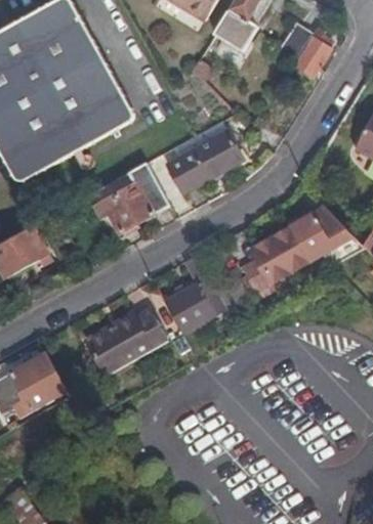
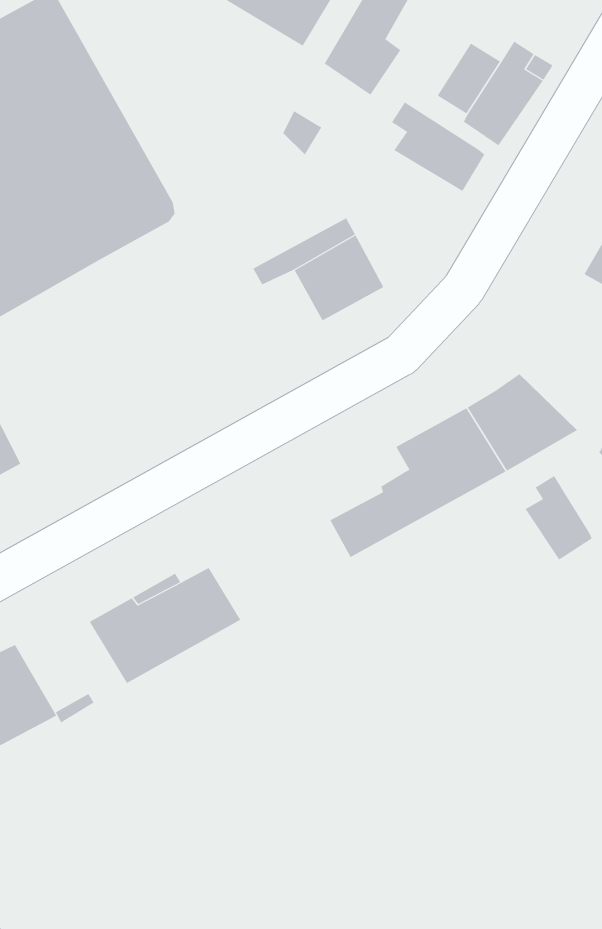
building: none -> [391,102,485,192]
building: [171,148,212,189] -> none
building: [99,162,169,230] -> none
building: [164,252,227,331] -> none
building: none -> [525,475,592,561]

